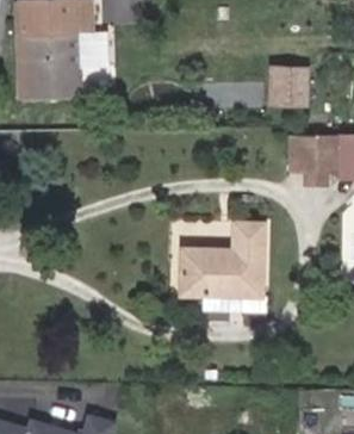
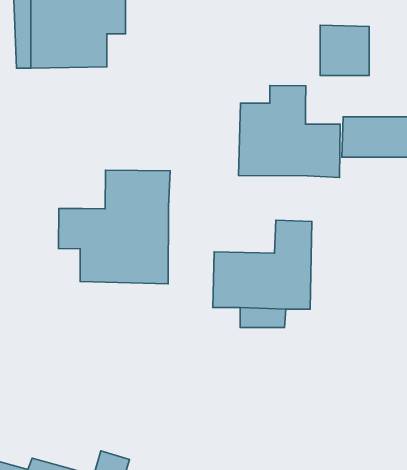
building: none -> [239,86,340,177]
building: none -> [59,170,170,284]

